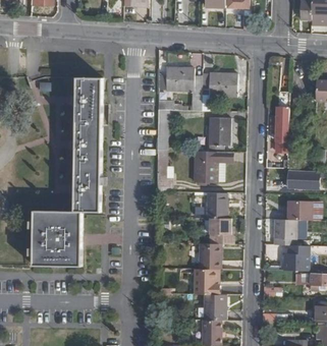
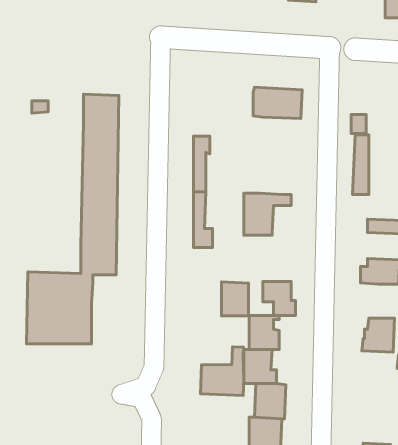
building: [158,67,202,94] -> none
building: [207,117,229,153] -> none
building: [206,192,226,218] -> [221,282,249,316]
building: [272,219,295,245] -> none
building: none -> [200,347,244,396]

